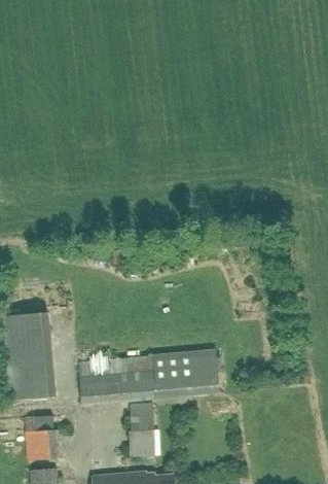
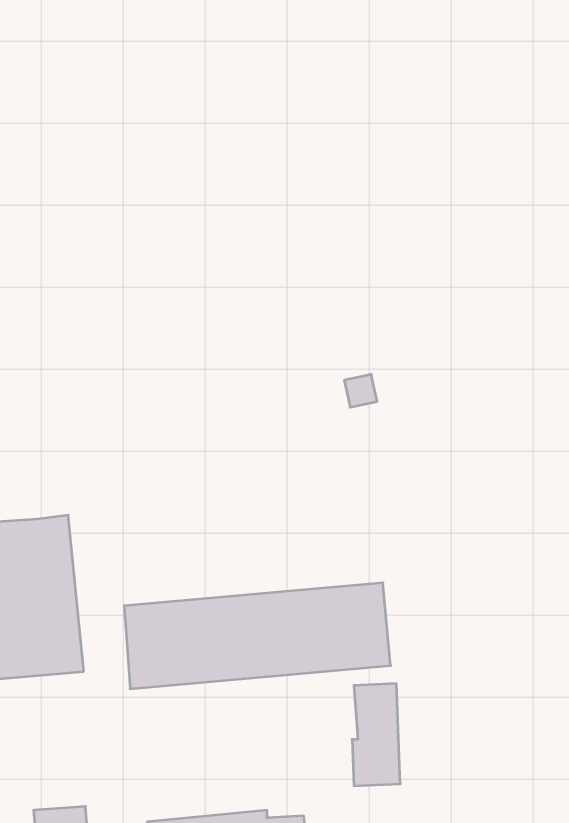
building: [129,402,154,456] -> [352,684,400,786]
building: [25,415,61,460] -> none

